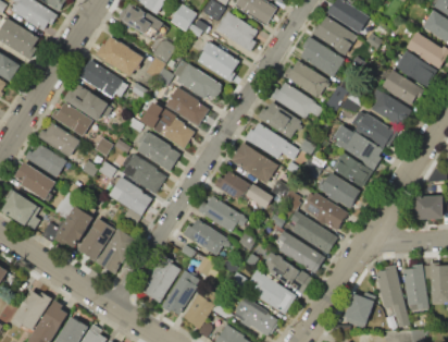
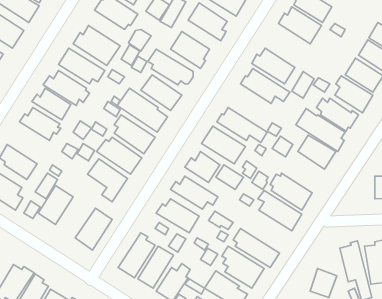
building: [299,36,344,77] -> none
building: [257,102,301,138] -> none
building: [30,145,66,178] -> none
building: [316,172,360,209] -> none
building: [78,219,114,260] -> none
building: [278,231,324,273] -> none

